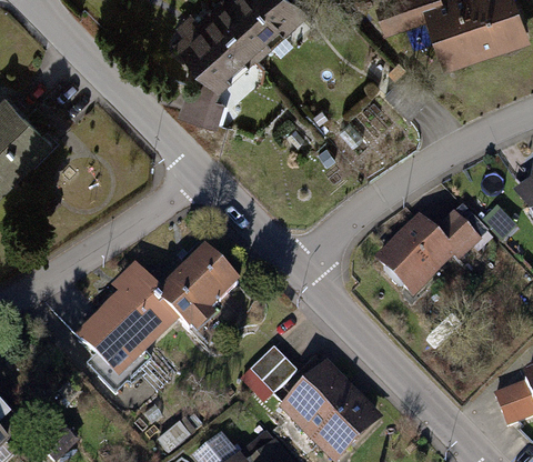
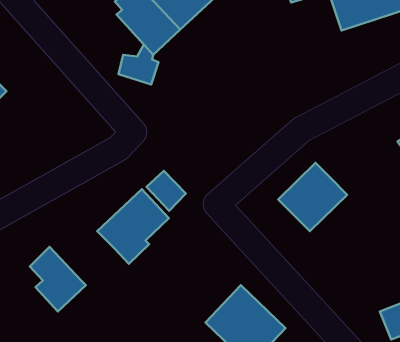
building: [434,214,479,259] -> none
building: none -> [147,171,186,211]
building: [100,279,178,355] -> none
building: [244,342,295,392] -> none

